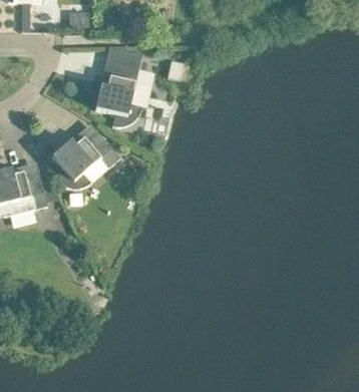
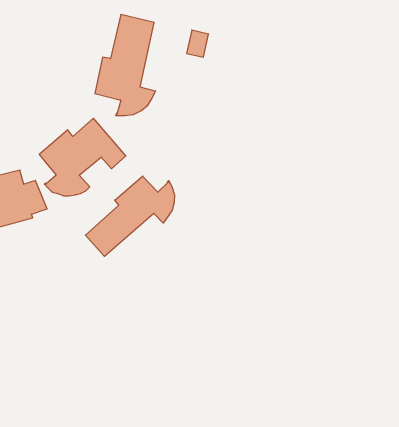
building: none -> [85,176,175,256]

